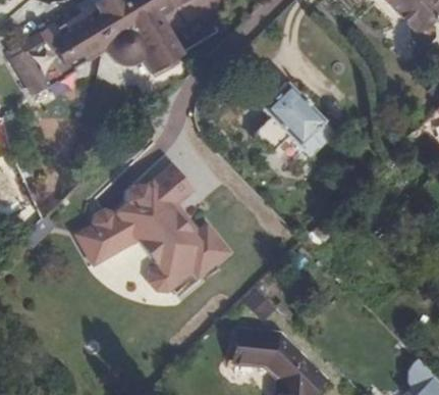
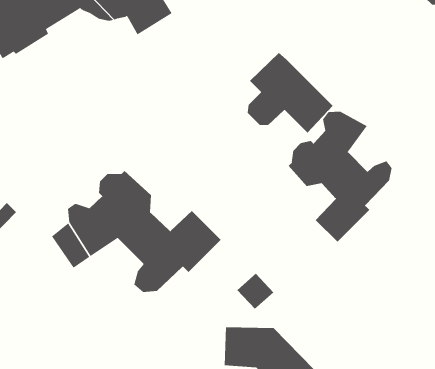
building: none -> [288,111,392,243]
building: [144,163,194,212] -> none

